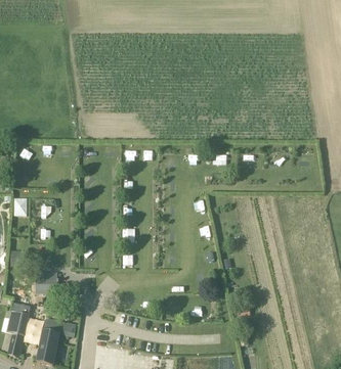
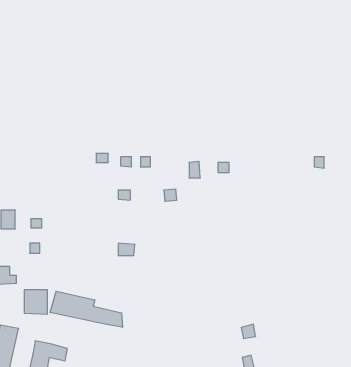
building: none -> [50,291,122,327]

